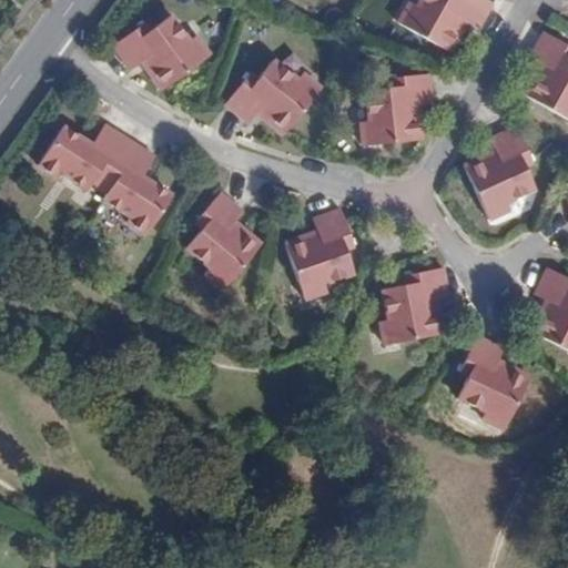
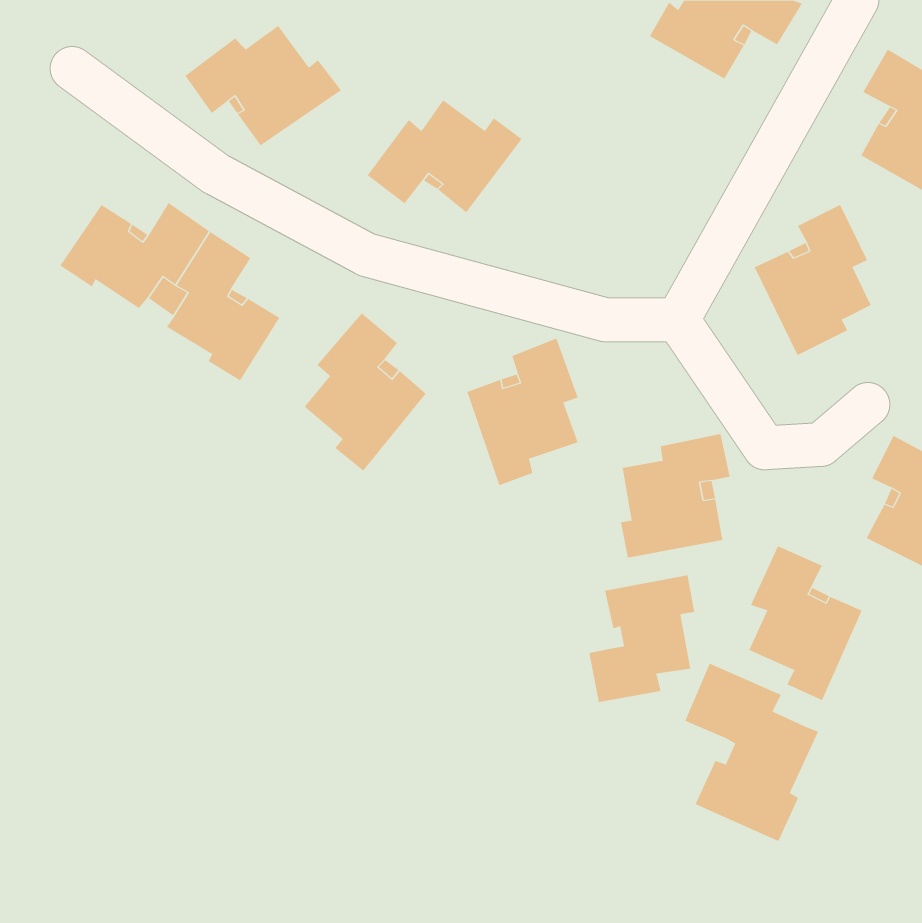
building: [362,73,433,144] -> none
building: none -> [589,575,695,703]
building: none -> [685,663,819,842]

